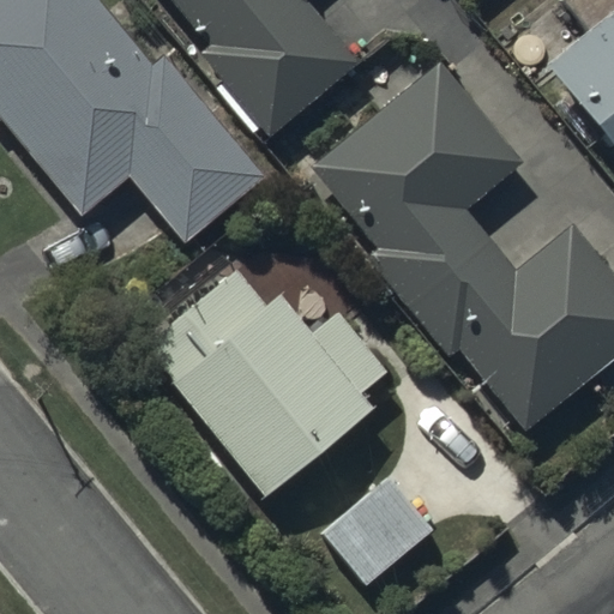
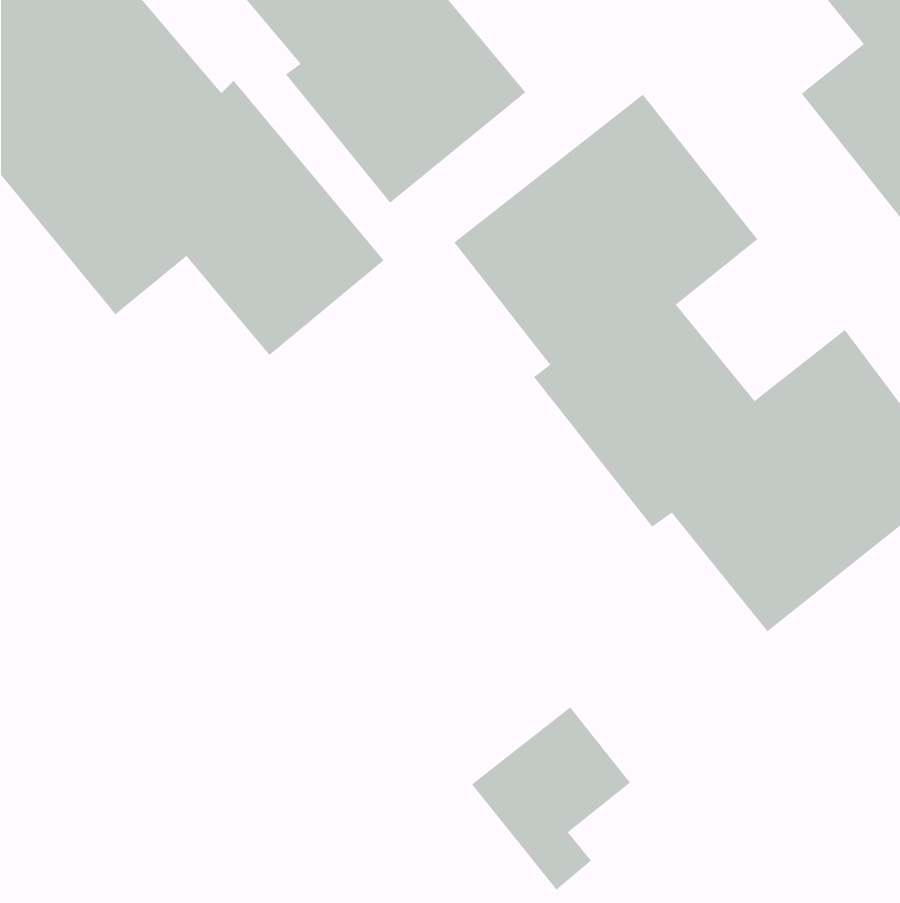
building: [145,276,386,495] -> none

